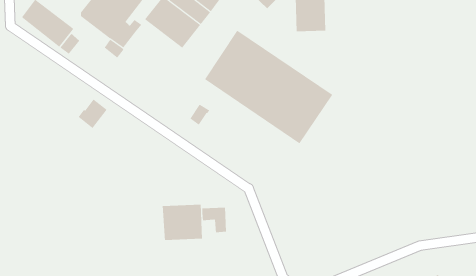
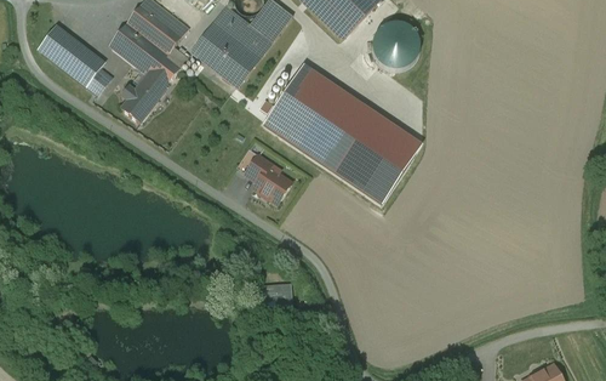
building: [78,98,108,129] -> [120,84,156,121]
building: none -> [253,166,290,201]
building: [162,204,202,241] -> none

